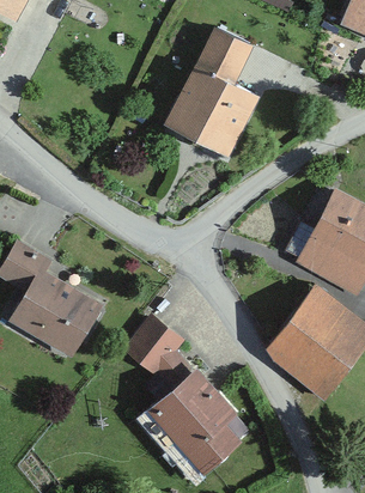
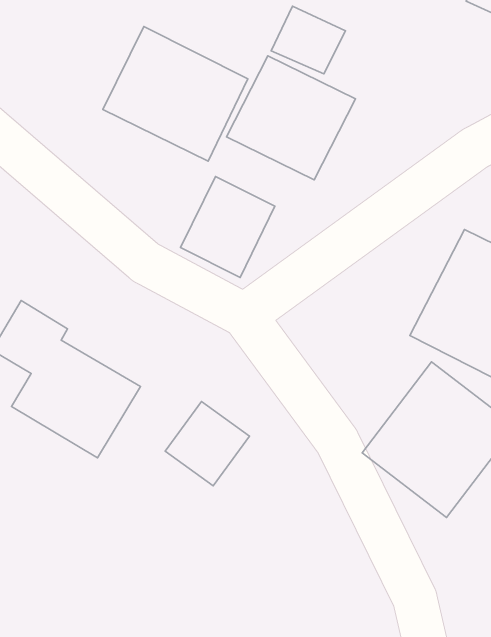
building: none -> [103,27,248,161]
building: none -> [181,177,275,277]
building: [146,369,239,474] -> none

